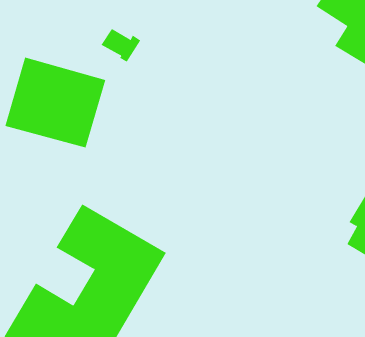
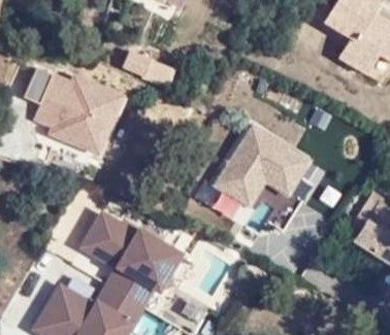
building: none -> [204,122,318,229]

